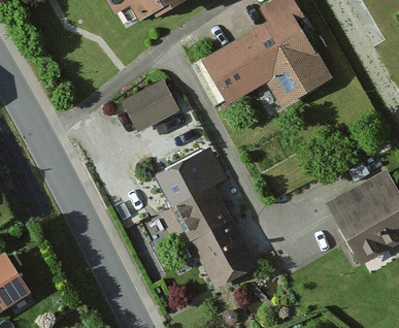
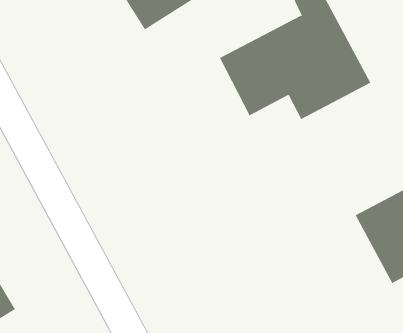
building: [120,77,185,137] -> none
building: [154,158,246,277] -> none

